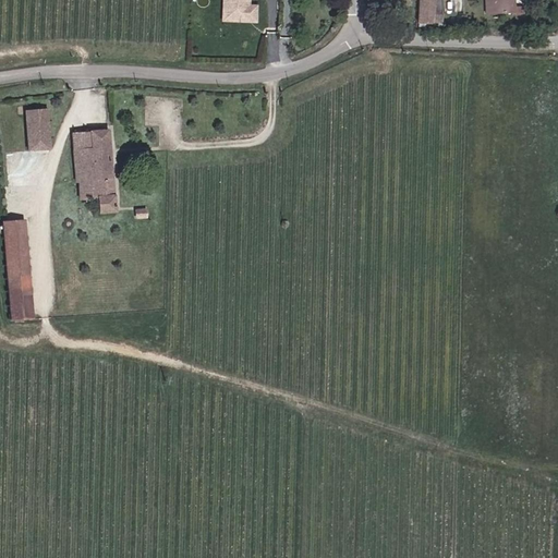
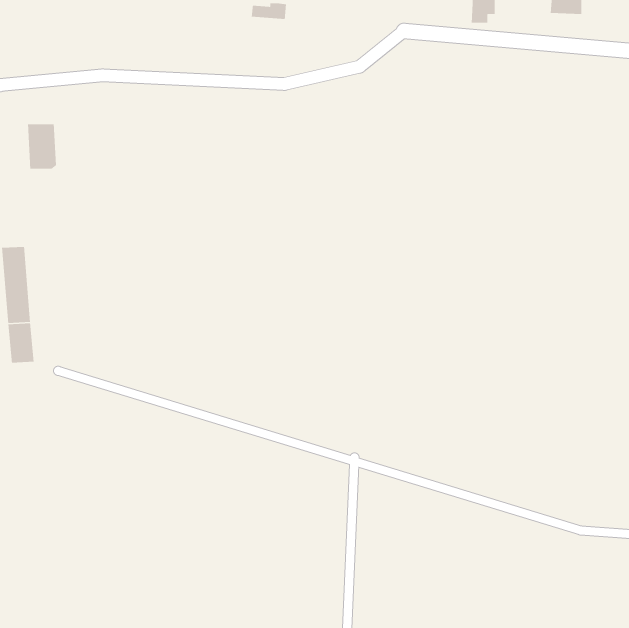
building: [73,130,116,213] -> none

